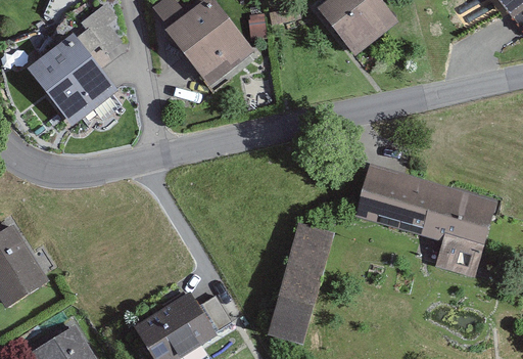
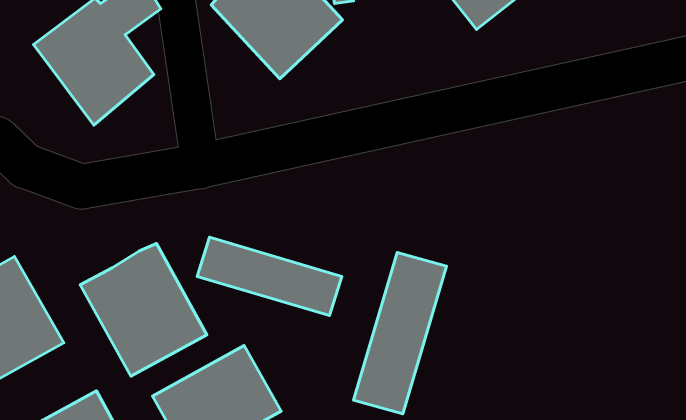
building: [348,156,494,283] -> none
building: none -> [197,237,342,316]
building: none -> [80,243,207,376]

